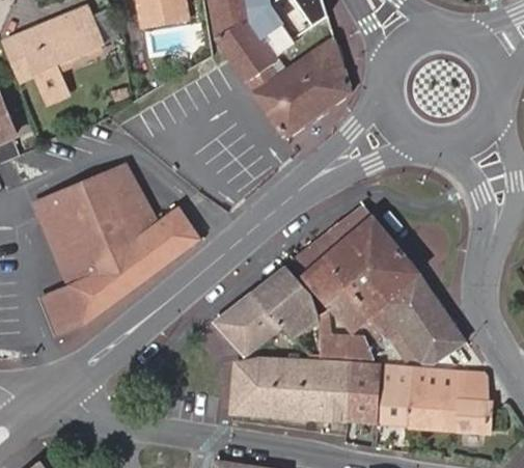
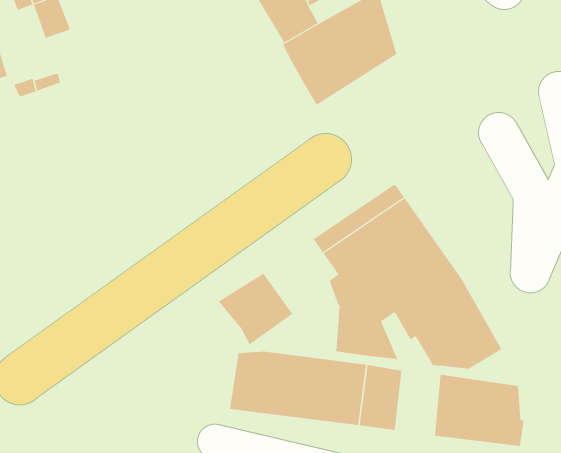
building: [37,165,199,327] -> none
building: [251,265,319,340] -> none
building: [376,368,411,423] -> none

